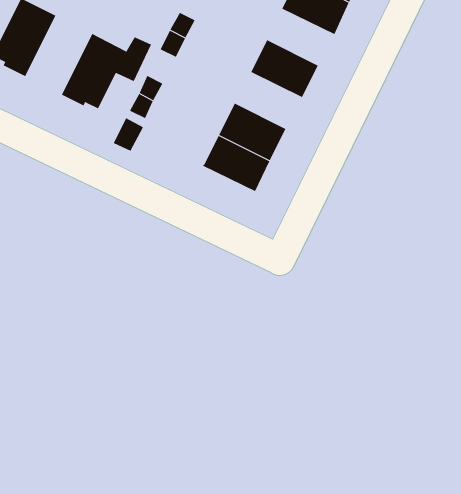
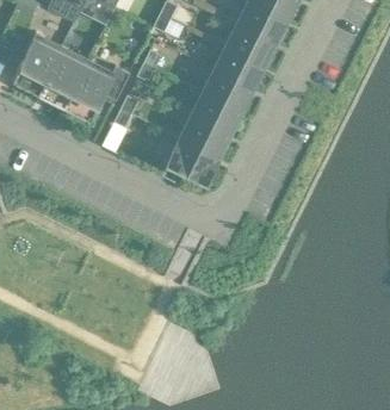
building: none -> [215,46,265,88]
building: none -> [37,51,86,110]
building: none -> [191,93,241,135]

